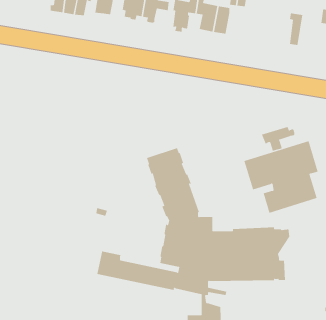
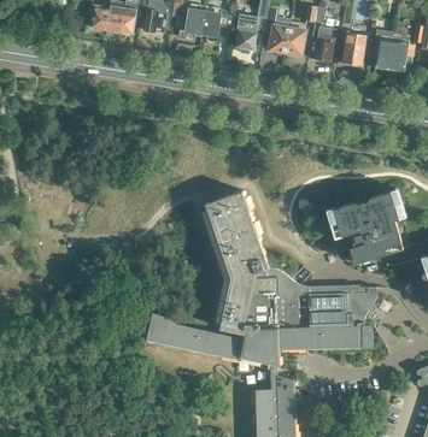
building: none -> [312,26,334,63]
building: none -> [385,33,412,72]
building: none -> [340,34,370,65]
building: [261,126,295,151] -> none

